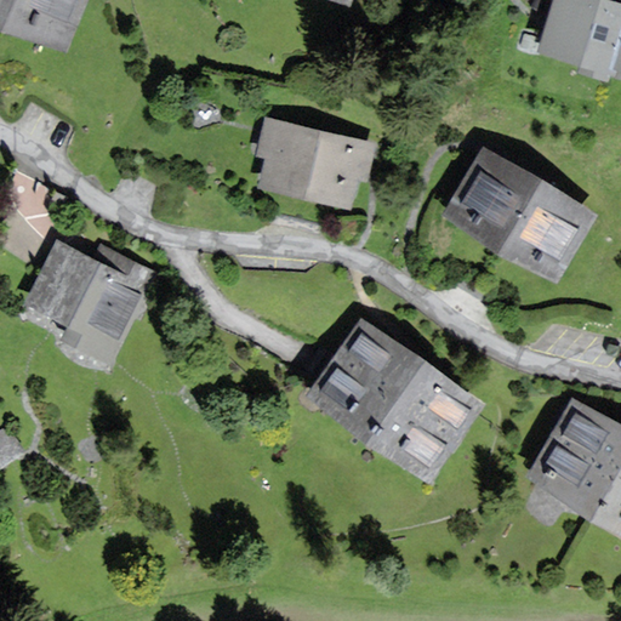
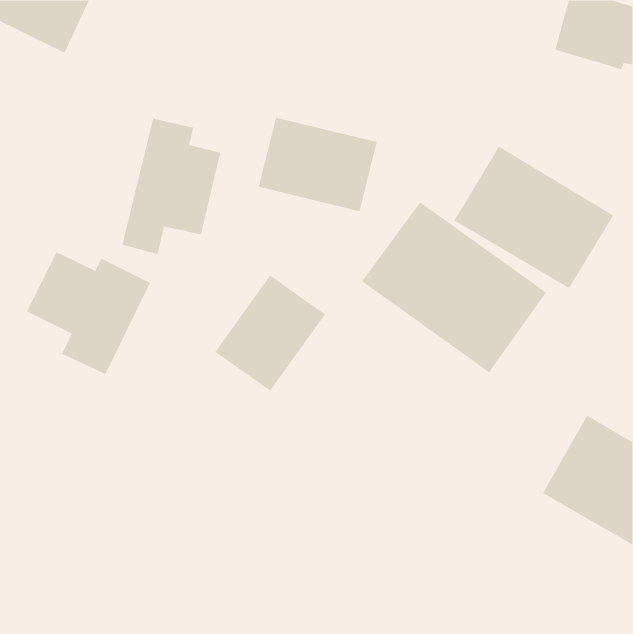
building: none -> [122,118,221,255]
building: none -> [215,275,326,392]
building: [307,317,488,484] -> [361,201,547,373]

